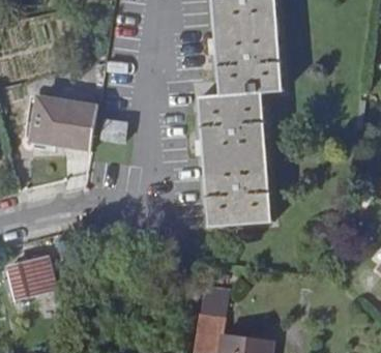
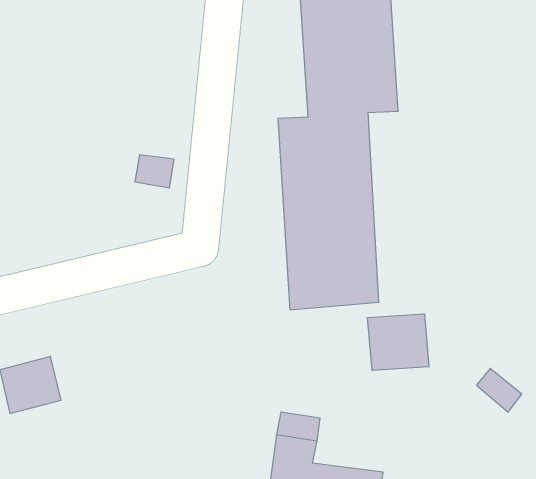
building: [30,96,96,150] -> none
building: none -> [368,314,429,371]

